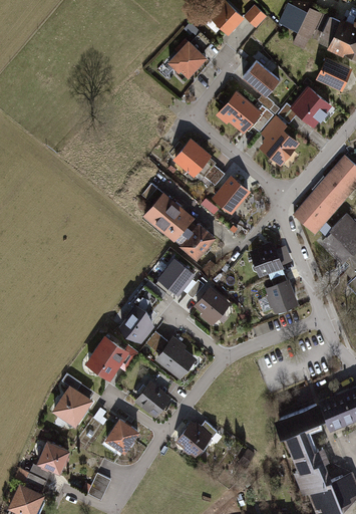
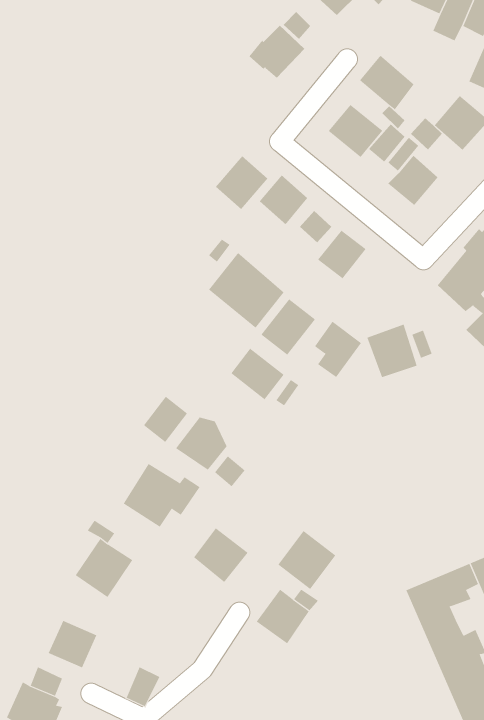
building: none -> [215,155,268,210]
building: [266,282,297,312] -> none
building: [197,288,229,326] -> [314,321,362,378]
building: none -> [143,396,188,443]
building: [155,338,195,378] -> [278,530,336,590]
building: [105,419,137,453] -> none

